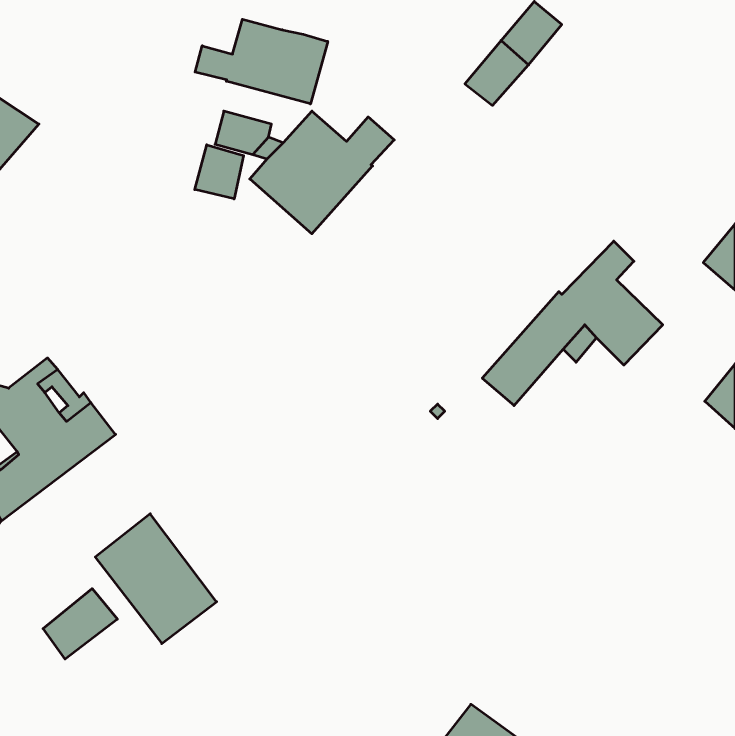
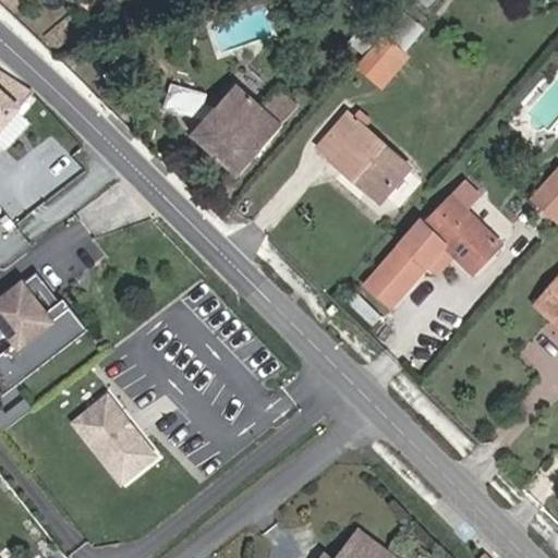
building: [195,19,328,104] -> none
building: [195,145,244,199] -> none
building: none -> [317,116,405,202]
building: [43,589,117,659] -> none

